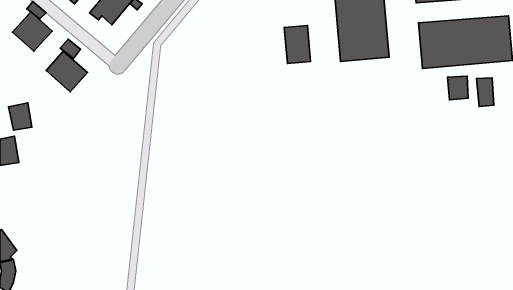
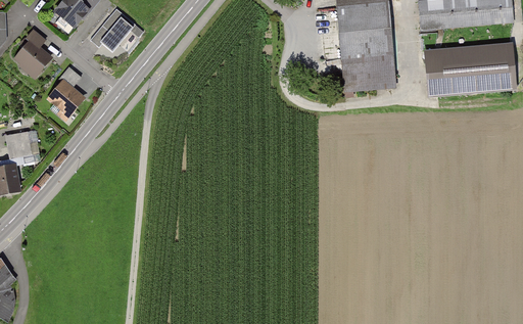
building: [284,25,311,63] -> none
building: [447,76,468,100] -> none
building: [477,78,494,107] -> none

